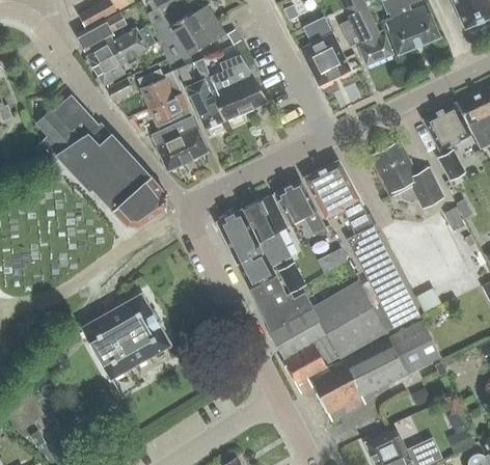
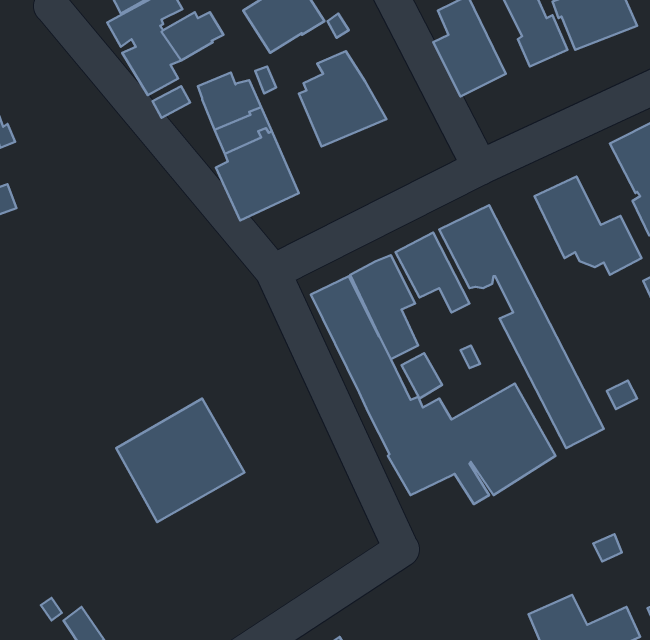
building: [188,59,224,129] -> none
building: [36,108,167,227] -> none
building: [283,321,442,420] -> none

